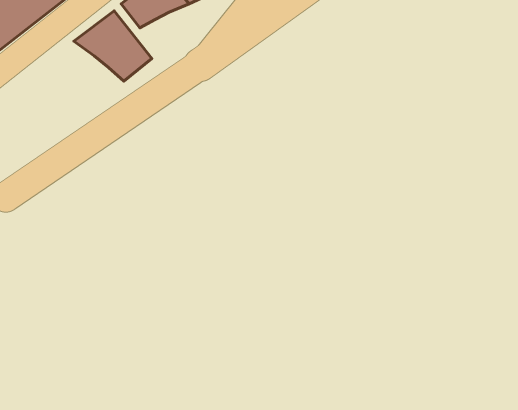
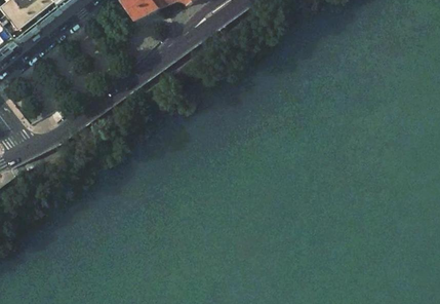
building: [74,11,152,81] -> none

